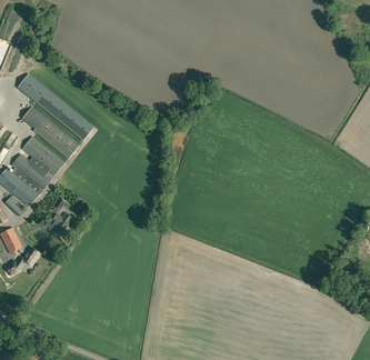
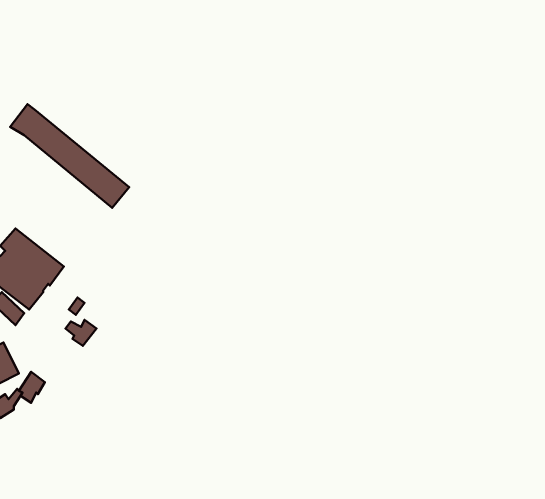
building: [33,117,78,158] -> none
building: [22,136,64,174] -> none

